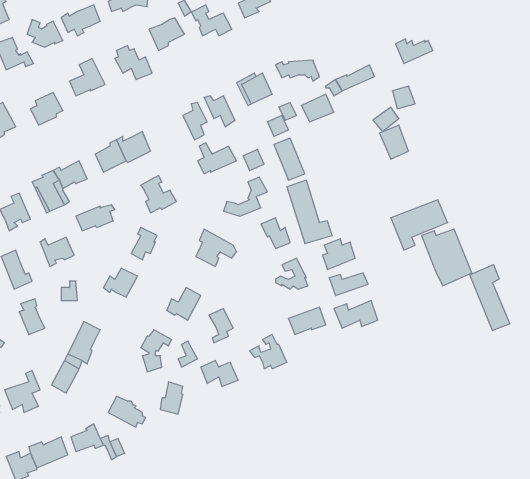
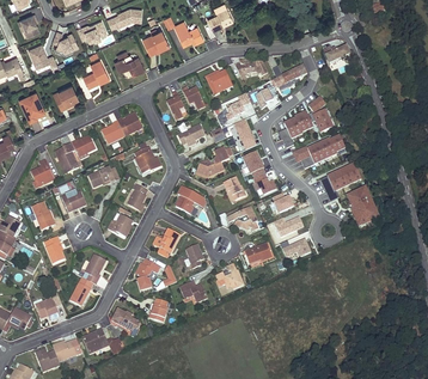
building: none -> [279,111,313,147]
building: none -> [291,134,346,167]
building: [470,265,510,331] -> none

